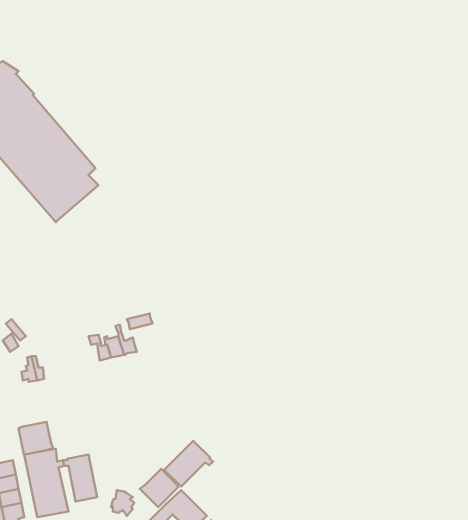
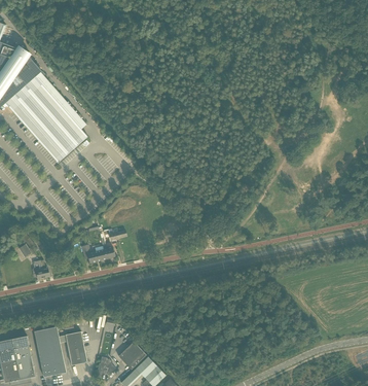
building: [19,422,53,455] -> none
building: [164,441,213,487] -> none

